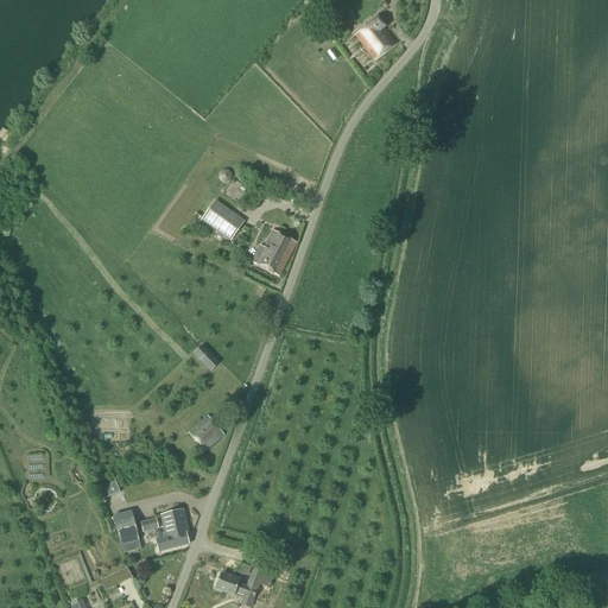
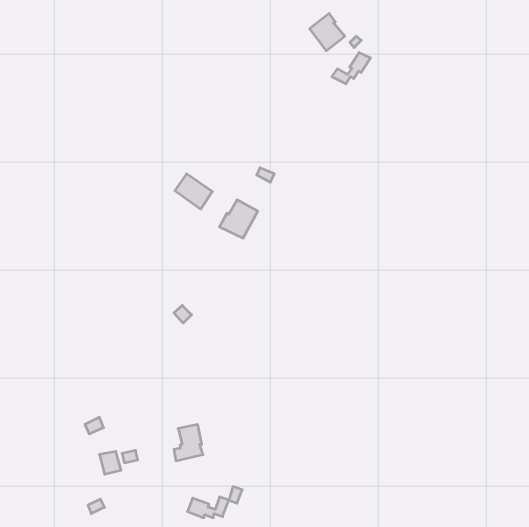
building: none -> [332,52,371,84]
building: [188,414,223,450] -> none
building: [156,508,189,550] -> [174,425,203,461]

